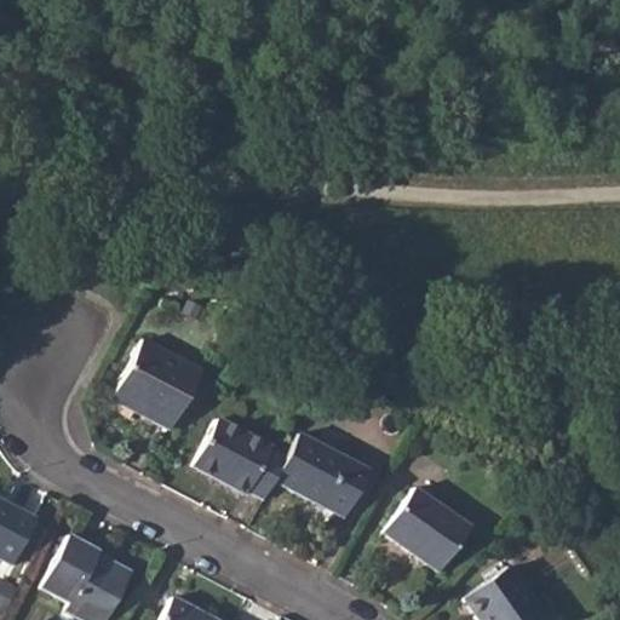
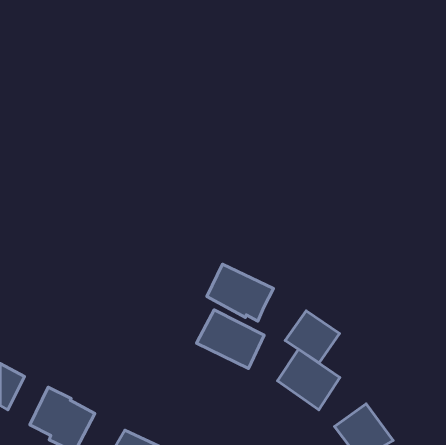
building: [114,341,201,430] -> none
building: [196,419,288,498] -> [207,264,274,321]
building: none -> [285,311,340,363]

